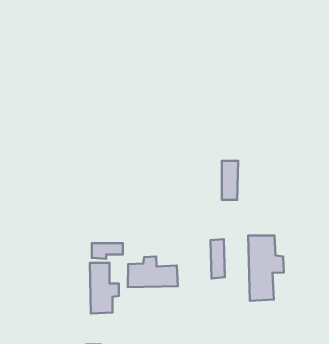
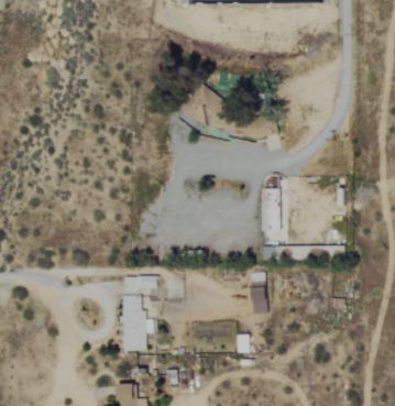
building: [248,235,284,301] -> none
building: [128,257,178,287] -> none

